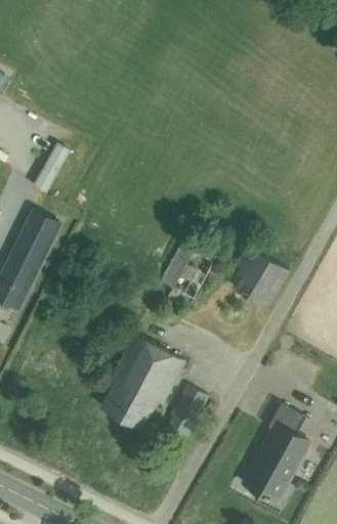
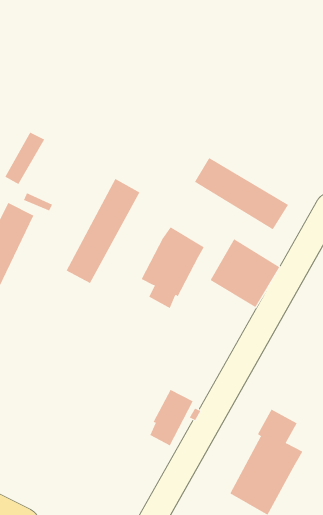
building: none -> [194,157,289,230]
building: none -> [66,178,140,284]
building: [100,335,185,429] -> none

